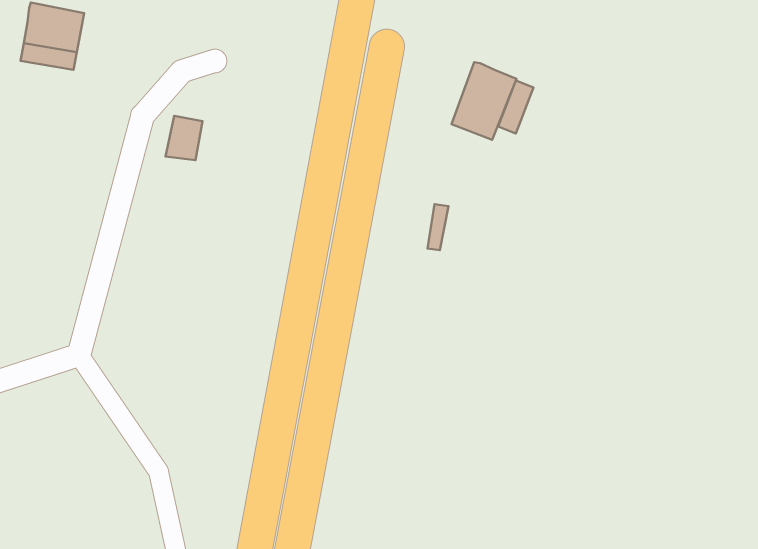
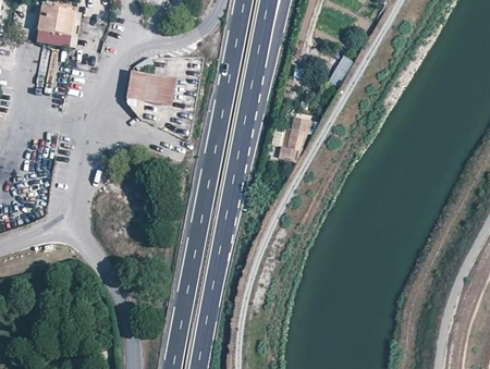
building: [451,62,517,140] -> none
building: none -> [143,72,175,106]

